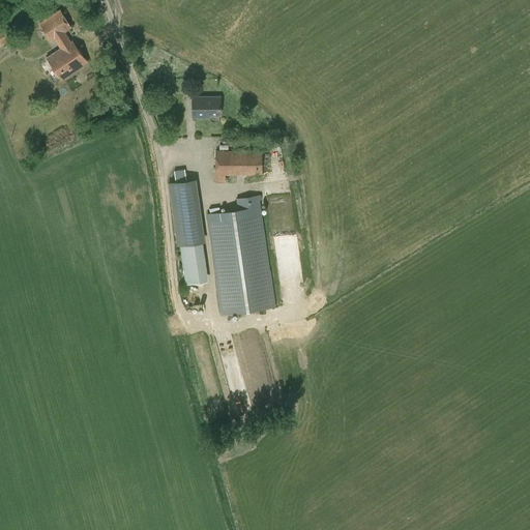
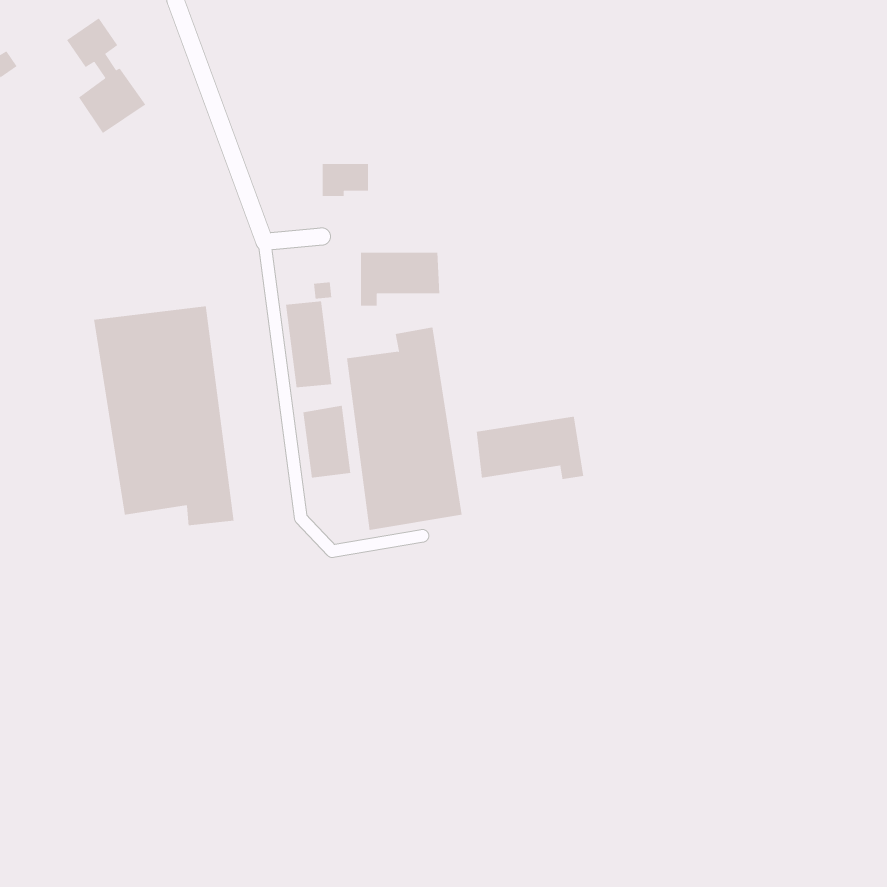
building: none -> [94,306,234,526]
building: none -> [476,416,584,480]

